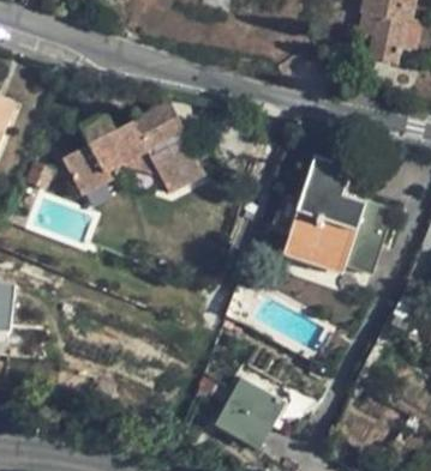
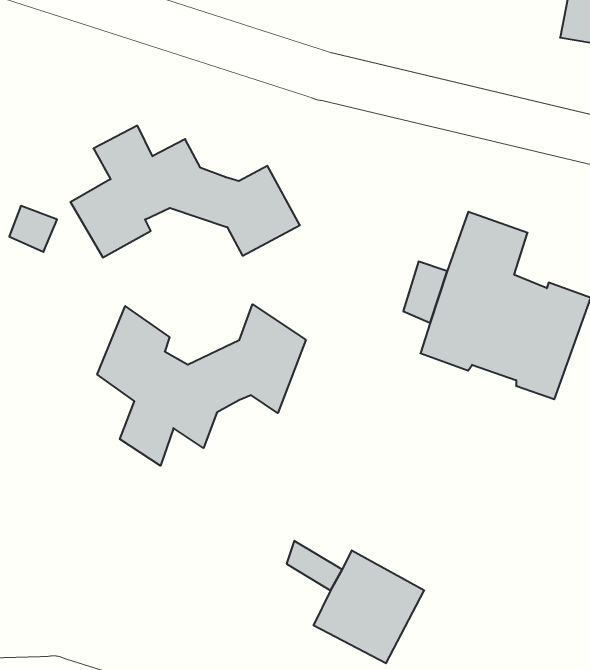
building: [134,102,182,144] -> none
building: none -> [97,304,306,466]

